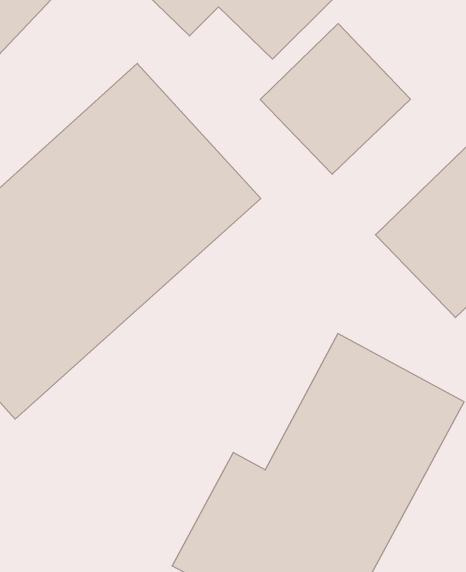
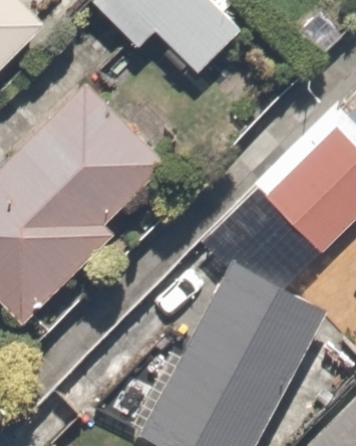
building: [260,24,410,174] -> none

